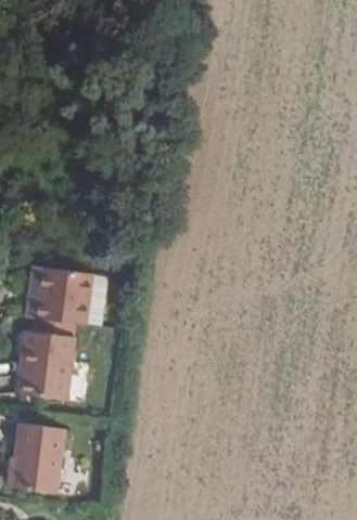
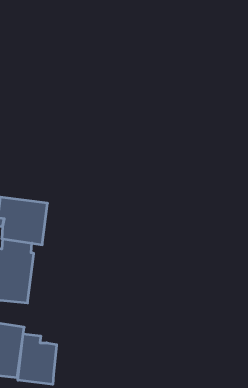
building: none -> [18,334,57,384]

